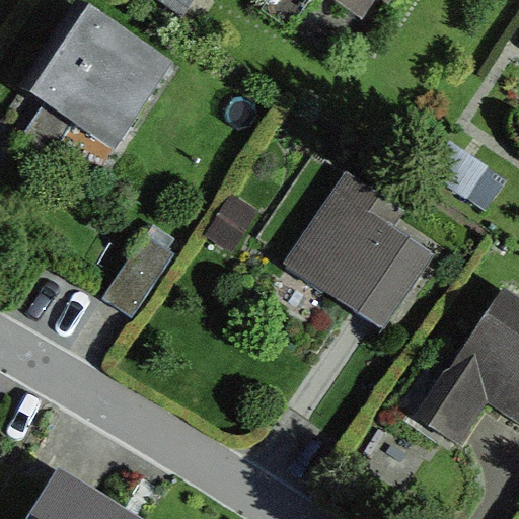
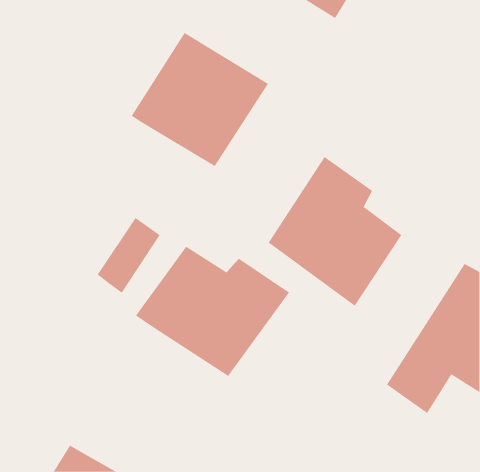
building: [23,6,172,151] -> [131,32,269,167]
building: none -> [135,246,290,377]

